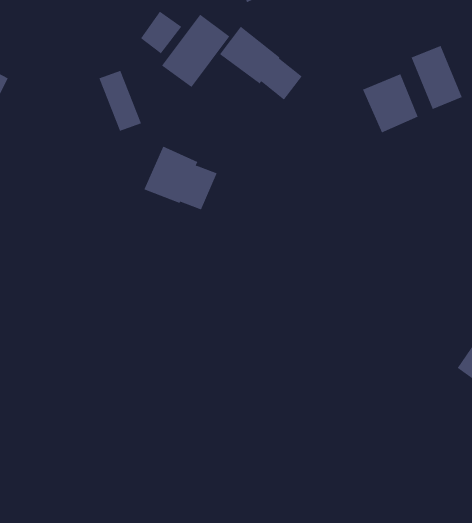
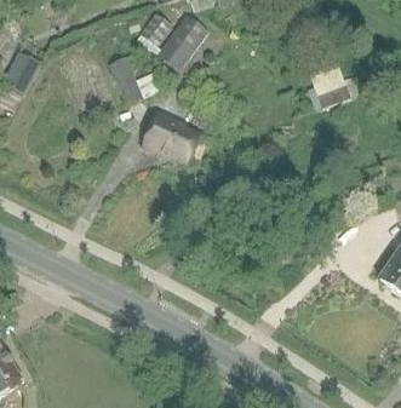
building: [219,26,303,100] -> none
building: [411,45,463,110] -> none

